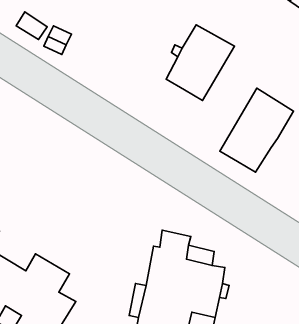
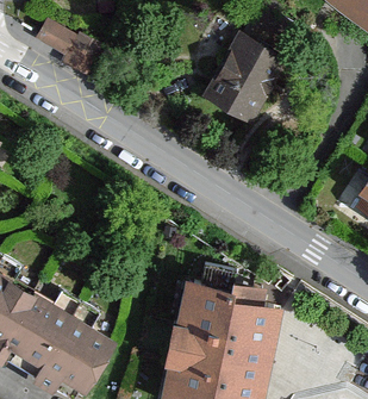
building: [220,88,293,172] -> none

